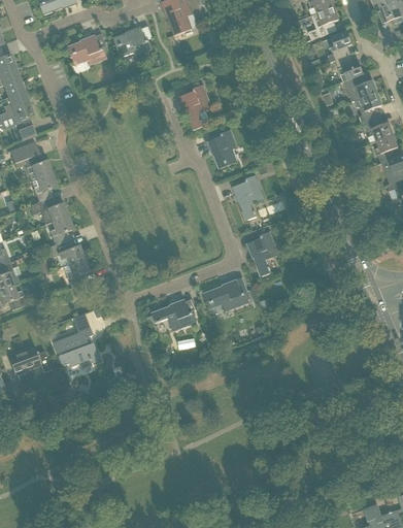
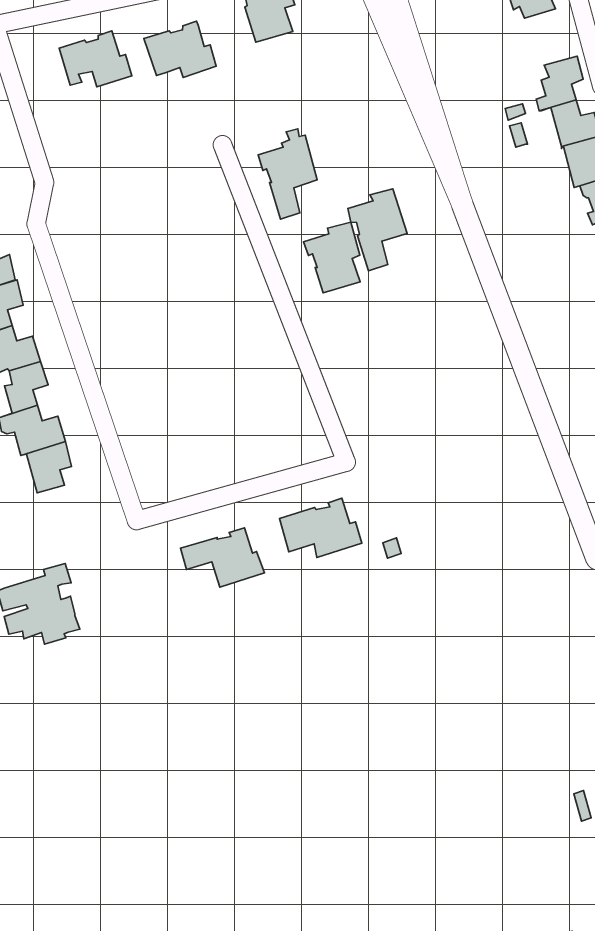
building: [308,6,338,40] -> none
building: [232,174,265,220] -> [348,189,407,271]
building: [246,228,279,276] -> none

